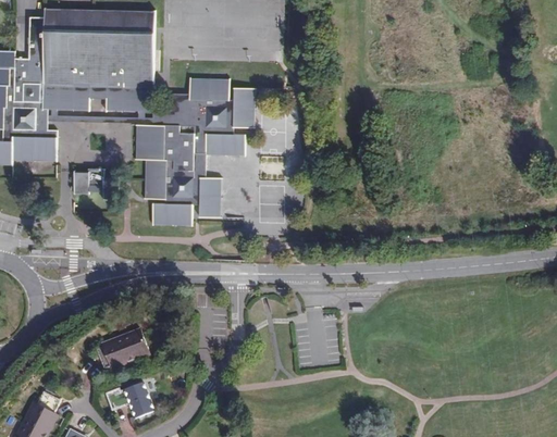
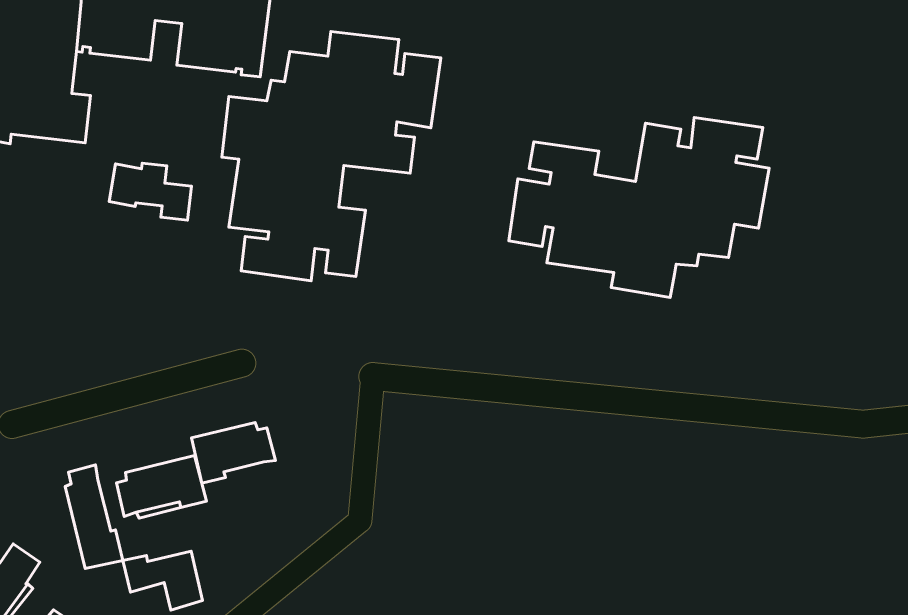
building: none -> [509,118,769,297]
building: none -> [192,422,275,483]
building: none -> [65,465,123,569]

